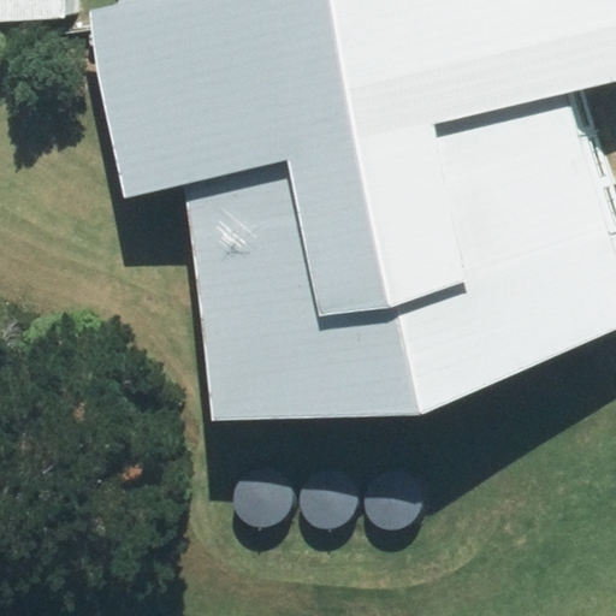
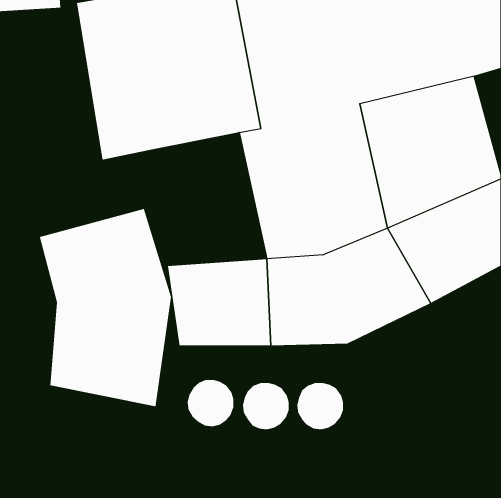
building: [183,161,325,324] -> none
building: none -> [39,208,172,407]

